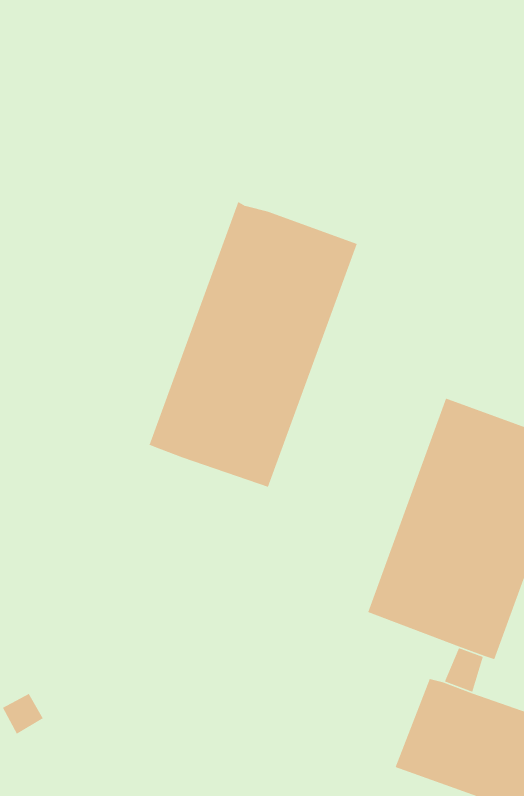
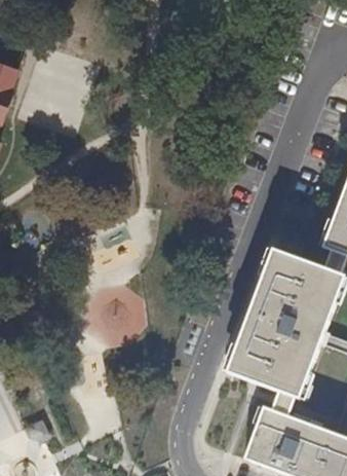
building: [149,201,358,488] -> none

